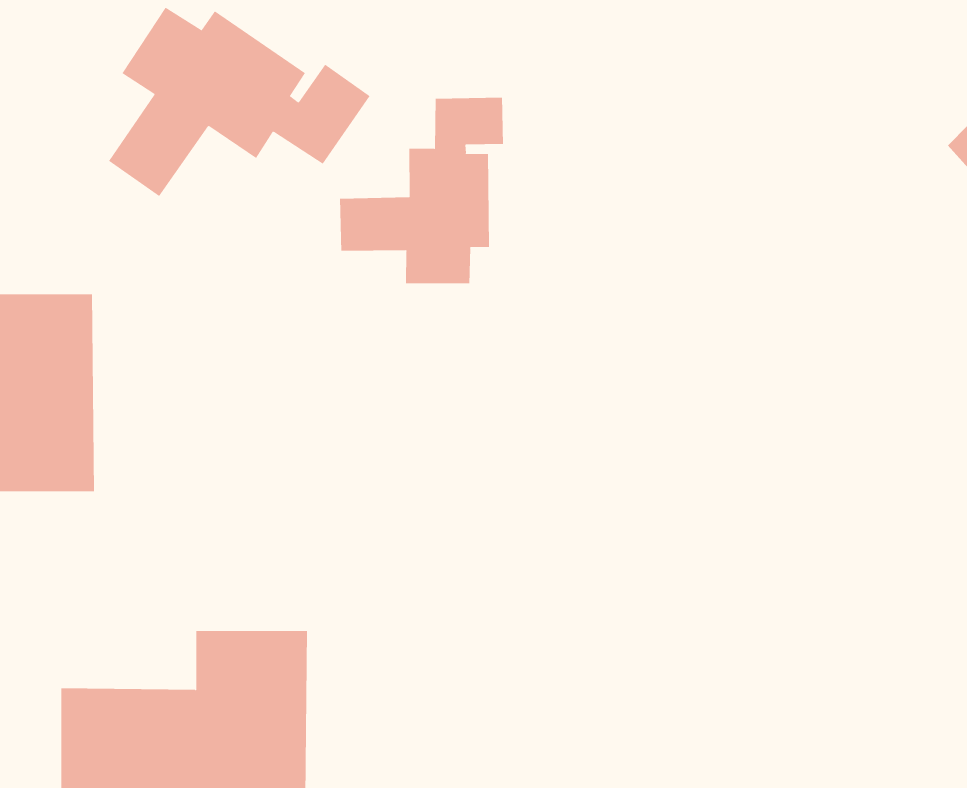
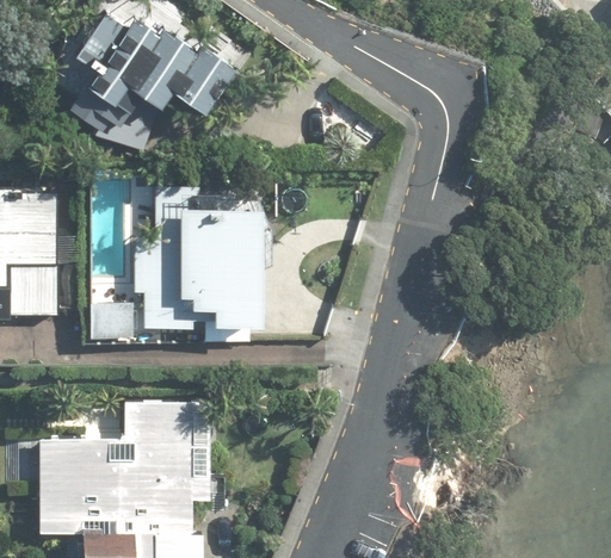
building: [340,97,503,284] -> none
building: none -> [134,191,264,329]

